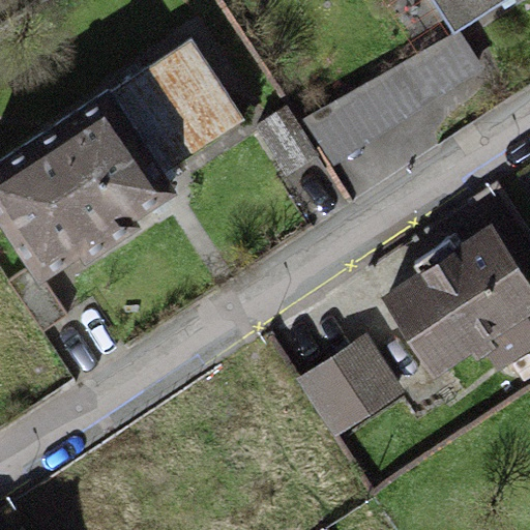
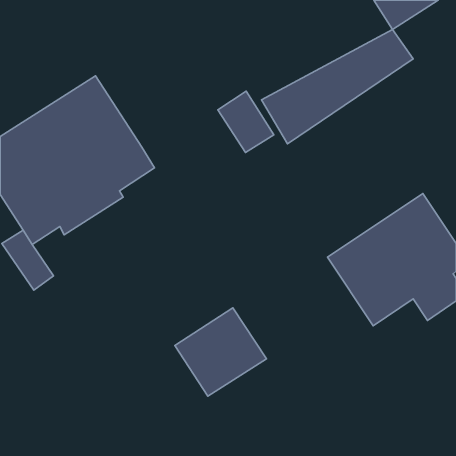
building: [111,36,245,171] -> none
building: [298,333,405,436] -> [175,308,267,396]

